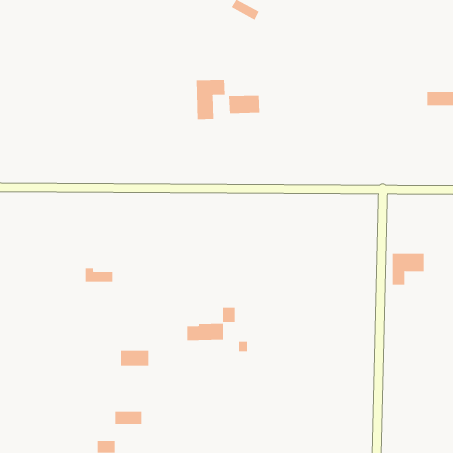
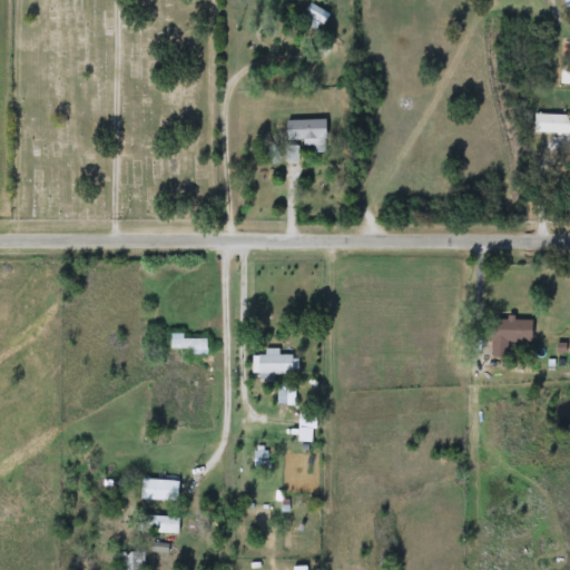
building: [196,79,225,120] -> none
building: [85,268,113,282] -> [173,334,208,352]
building: [187,323,224,341] -> [253,351,299,373]
building: [120,350,149,366] -> [142,480,179,500]

